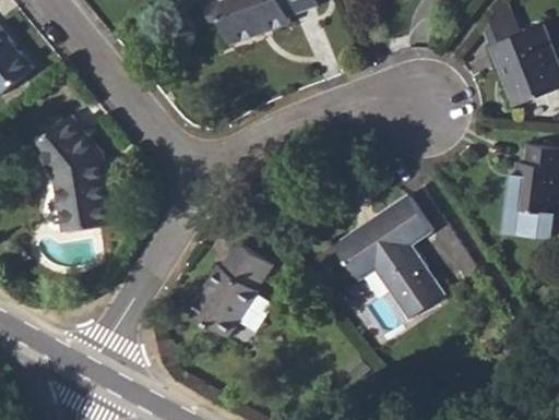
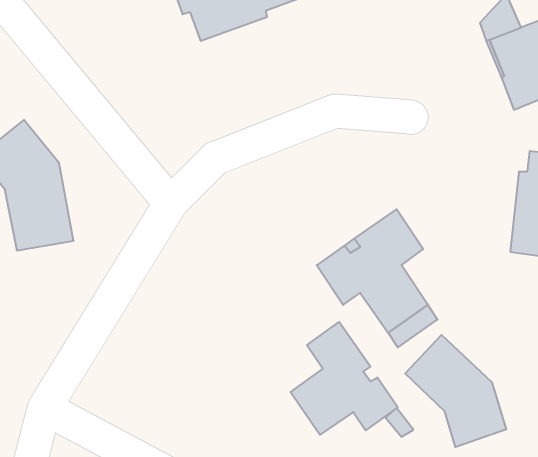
building: [190,241,271,336] -> none
building: none -> [291,322,398,435]
building: none -> [405,335,506,447]

